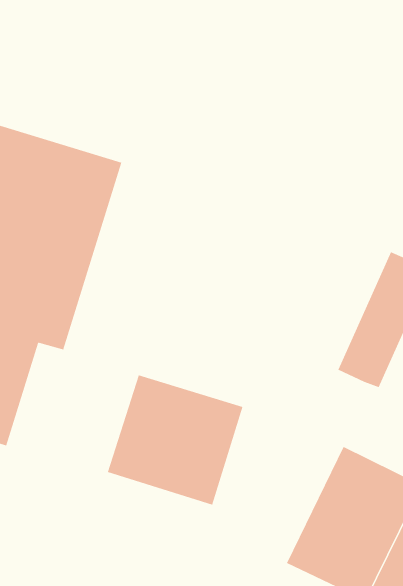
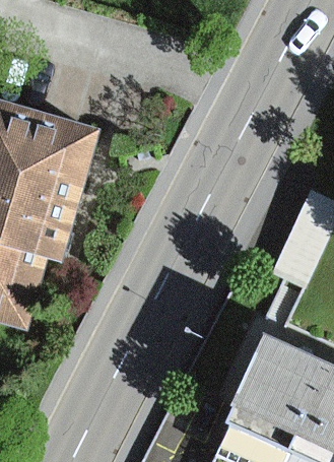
building: [107,375,243,505] -> none

